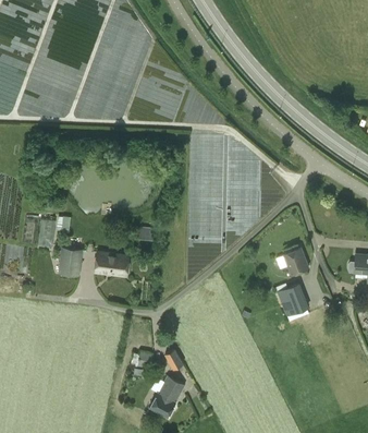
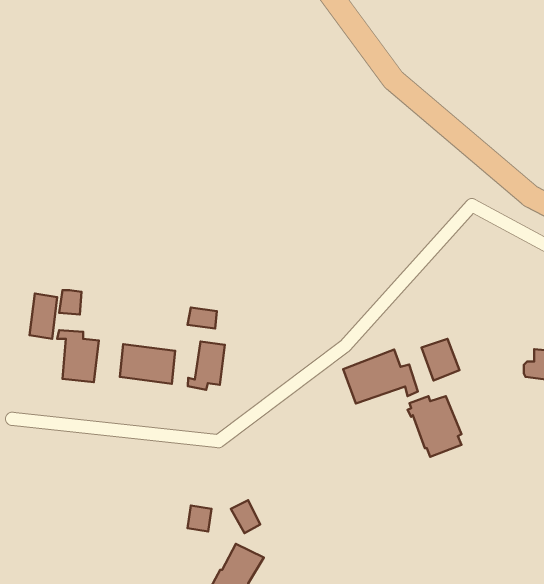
building: none -> [188,341,225,390]
building: none -> [343,350,418,403]

